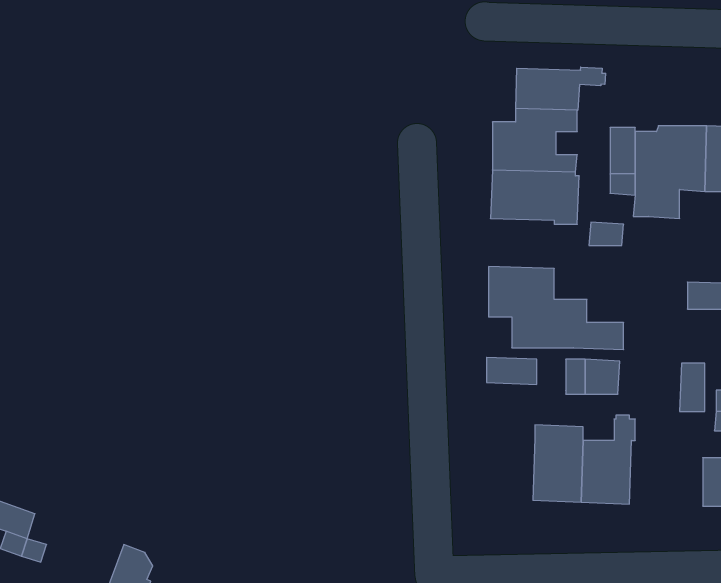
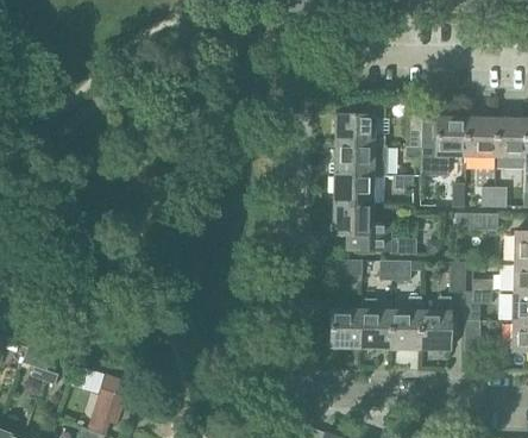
building: [516,67,606,110] -> none
building: none -> [332,174,372,205]
building: none -> [419,299,451,350]
building: none -> [327,309,360,348]

